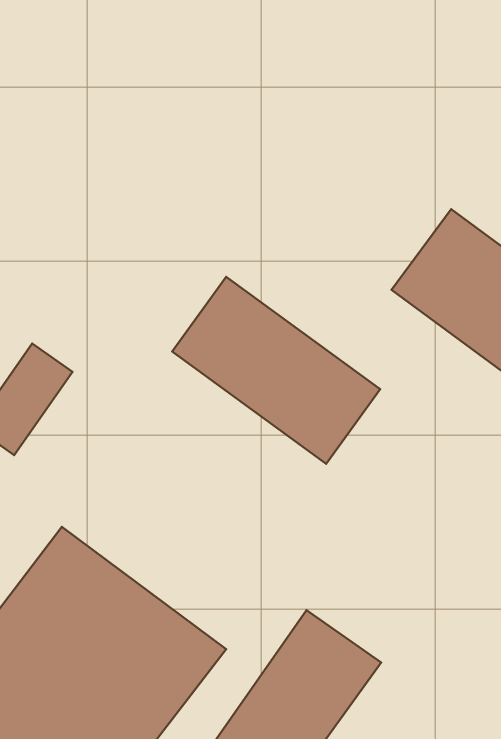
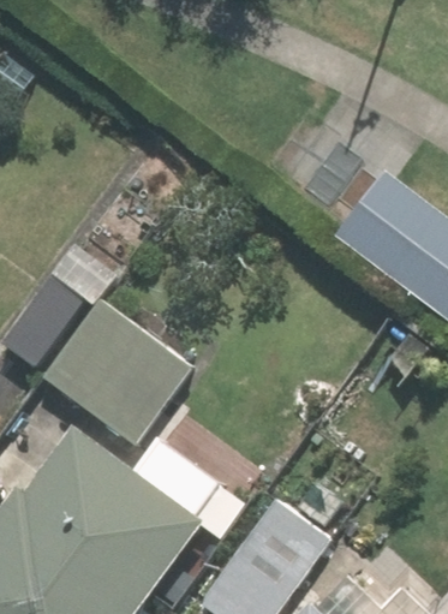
building: [172,277,380,464] -> none
building: none -> [43,303,187,443]

